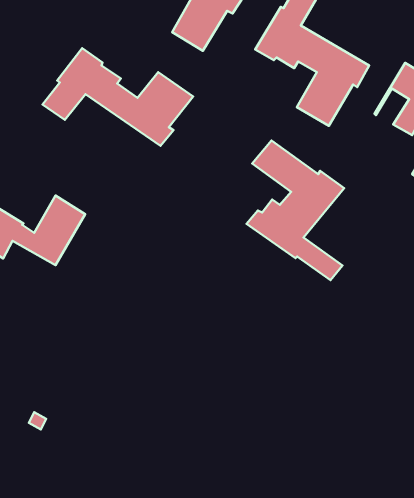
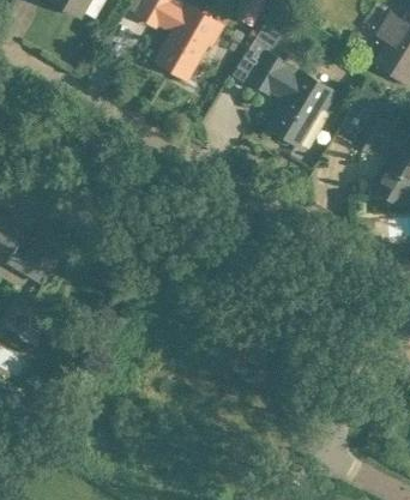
building: [42,48,193,146] -> none
building: [247,141,344,280] -> none

